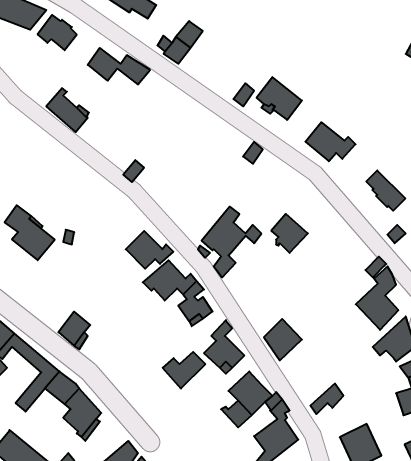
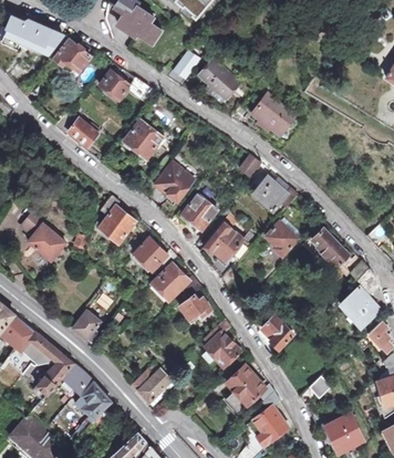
building: none -> [197,61,239,100]
building: none -> [121,122,159,158]
building: [305,122,356,161] -> [251,174,297,209]
building: none -> [153,164,191,202]
building: [366,170,405,211] -> [312,229,348,266]
building: none -> [98,195,134,242]
building: none -> [179,196,215,247]
building: [163,352,205,389] -> [132,369,170,403]

